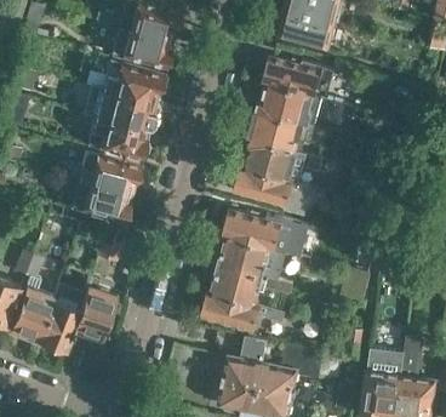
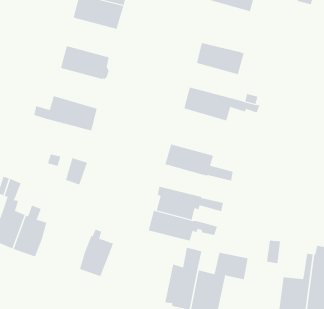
building: [262,56,333,97] -> none
building: [86,61,161,103] -> none
building: [247,110,313,153] -> none
building: [84,116,145,160] -> none
building: [233,166,311,215] -> none
building: [67,179,131,224] -> none
building: [213,236,270,275] -> none
building: [70,278,113,337] -> [79,229,114,277]

